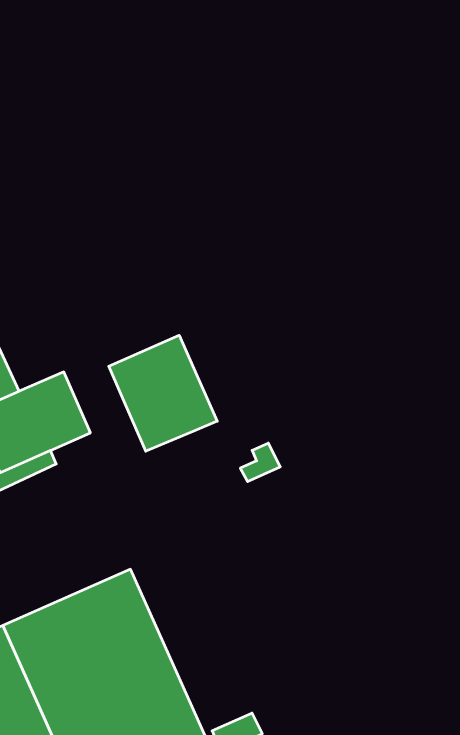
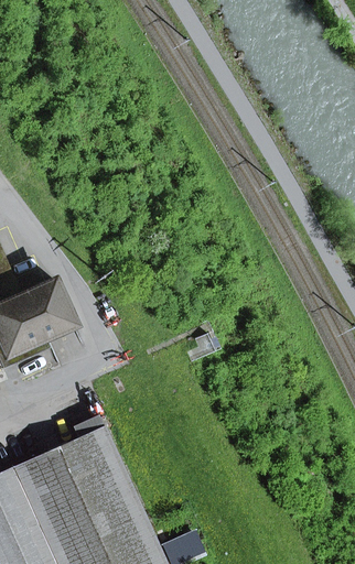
building: [109,335,217,451] -> none

